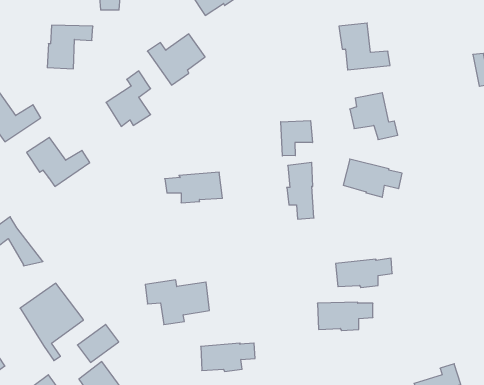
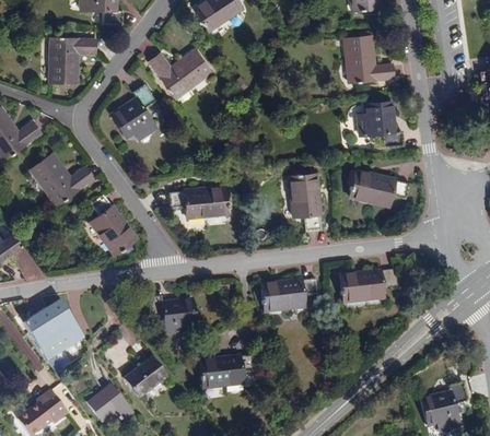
building: [281,121,312,156] -> none
building: none -> [89,192,136,250]
building: [317,302,373,331] -> [259,284,315,313]
building: [77,324,119,362] -> [125,355,166,393]

